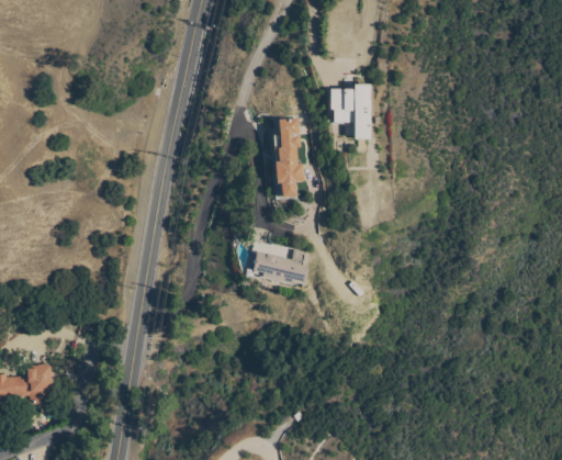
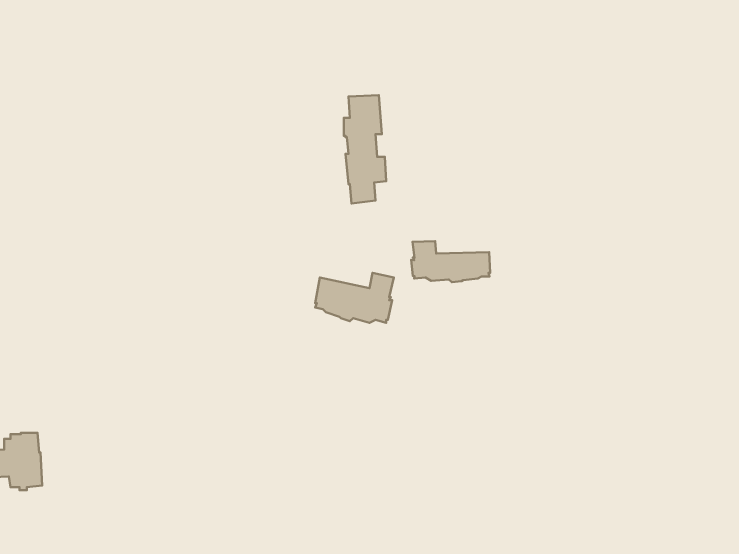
building: [329,83,370,138] -> none
building: none -> [411,241,490,282]

